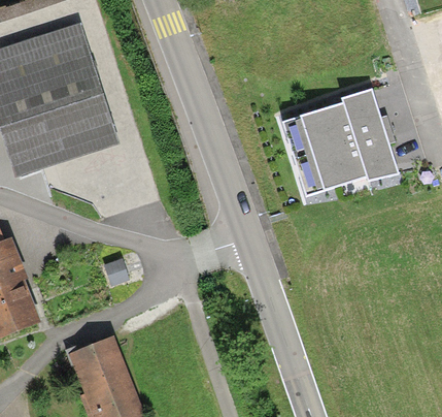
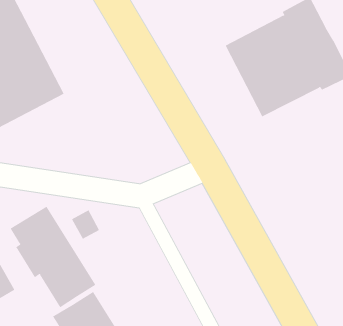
building: none -> [10,206,96,308]

